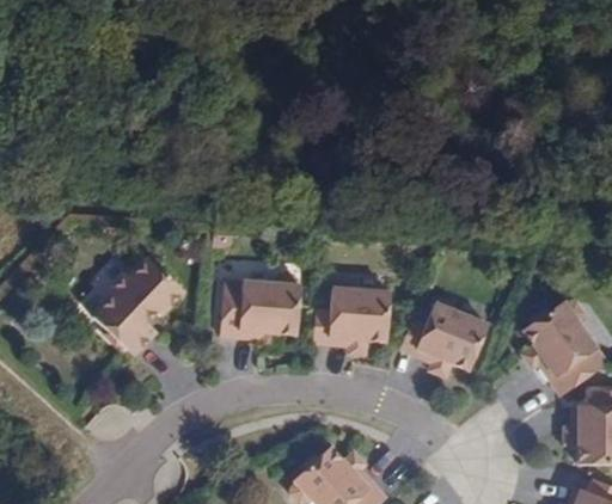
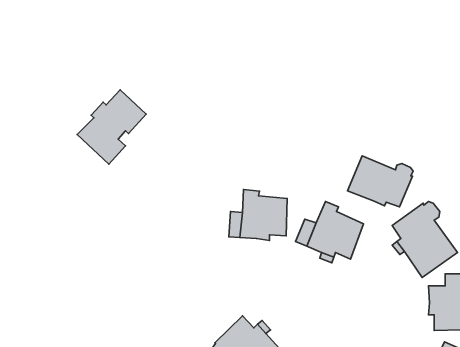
building: none -> [347,156,413,207]
building: [93,257,182,352] -> [77,90,146,164]
building: [220,272,300,339] -> none

